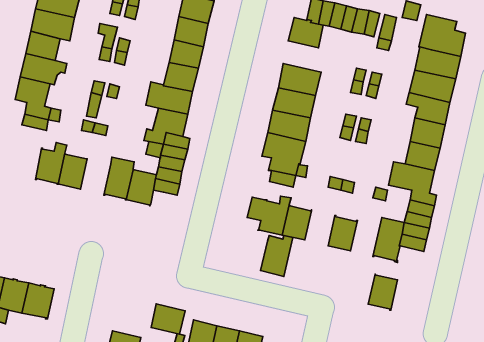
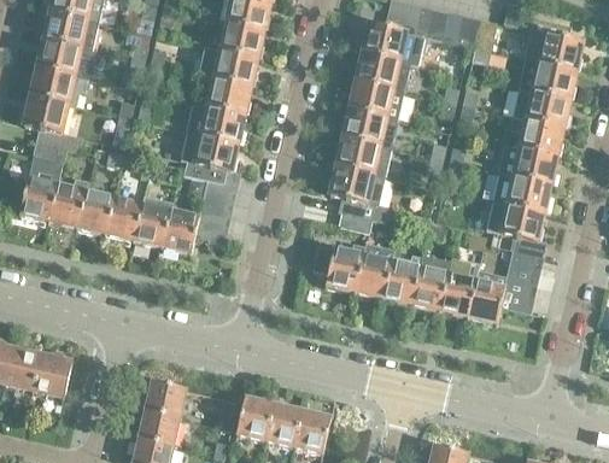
building: none -> [356,52,409,90]
building: none -> [19,177,57,223]
building: none -> [105,198,142,242]
building: [261,235,293,276] -> [382,254,422,305]
building: [368,274,398,310] -> [439,274,475,318]
building: [151,304,185,334] -> [145,381,187,418]

